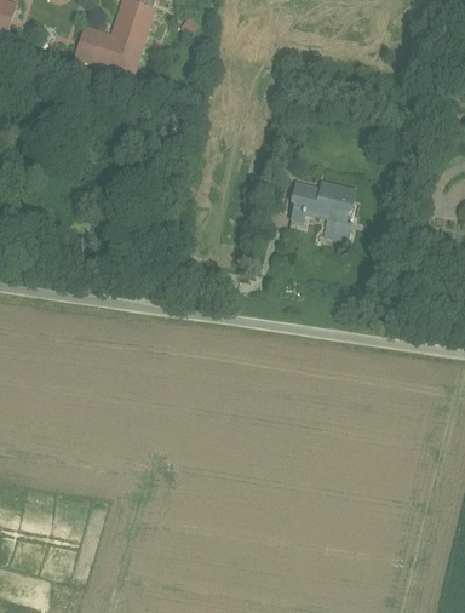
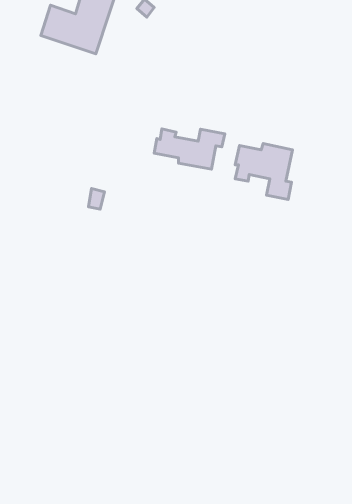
building: none -> [154,129,225,169]

